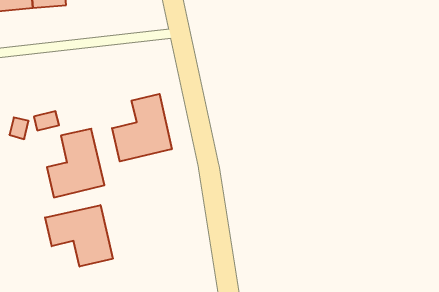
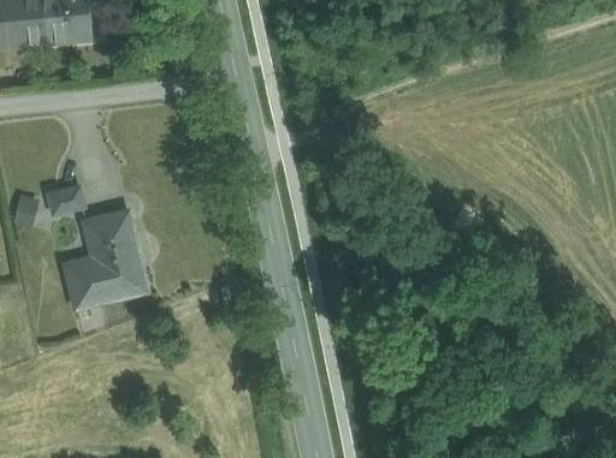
building: [112,94,172,161] -> none
building: [45,205,113,267] -> none

